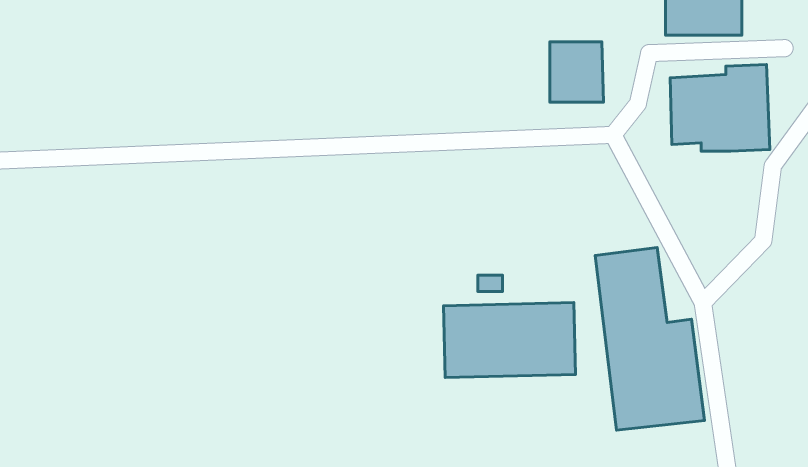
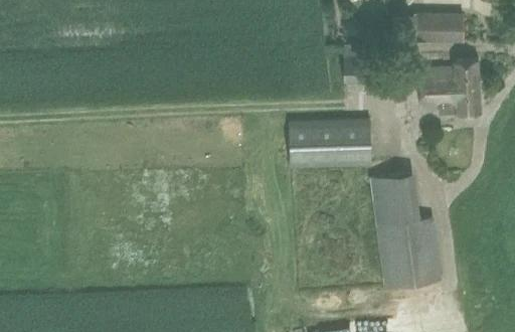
building: [443,303,575,378] -> [288,119,369,165]

